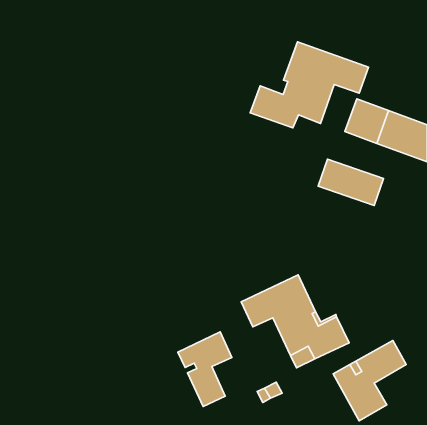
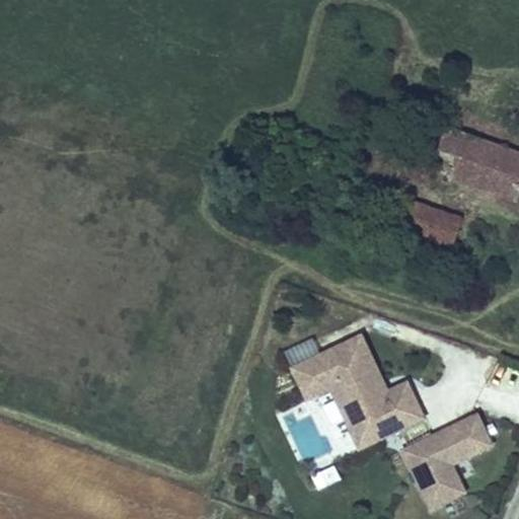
building: [250,42,368,128] -> none
building: [178,332,232,407] -> none

